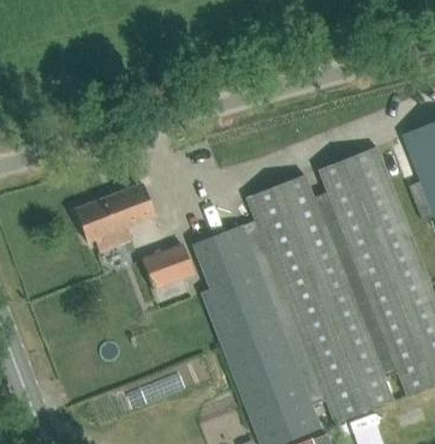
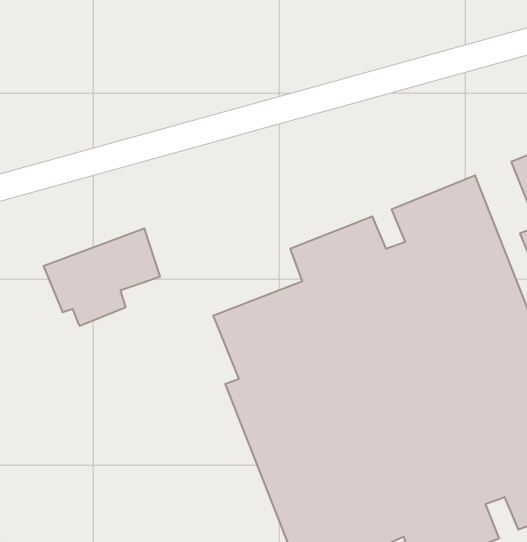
building: [141,245,193,292] -> none

